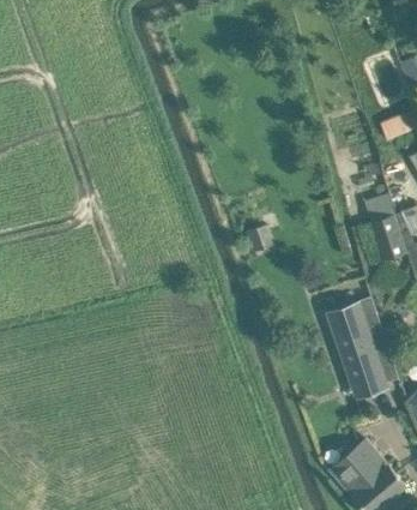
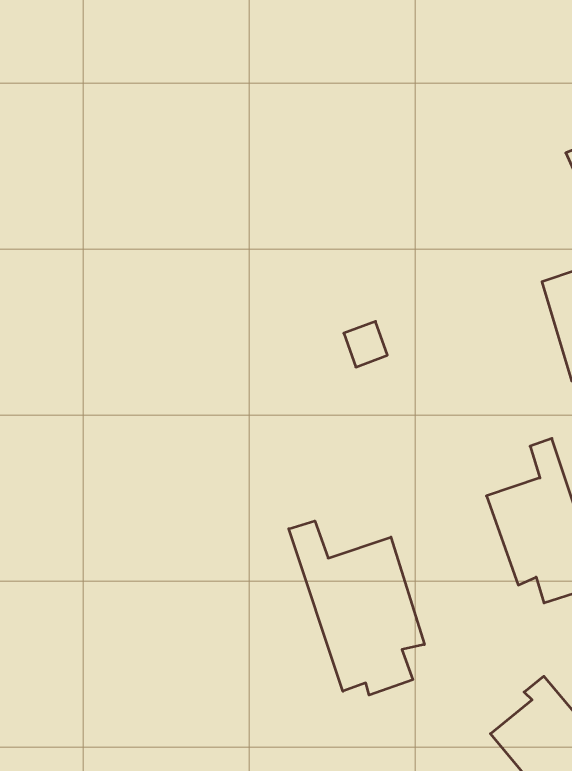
building: none -> [289,521,424,695]

